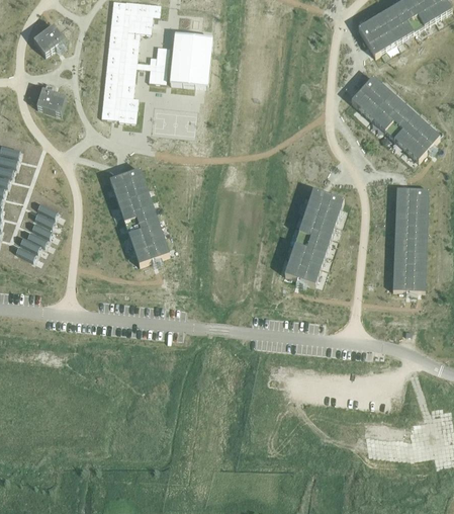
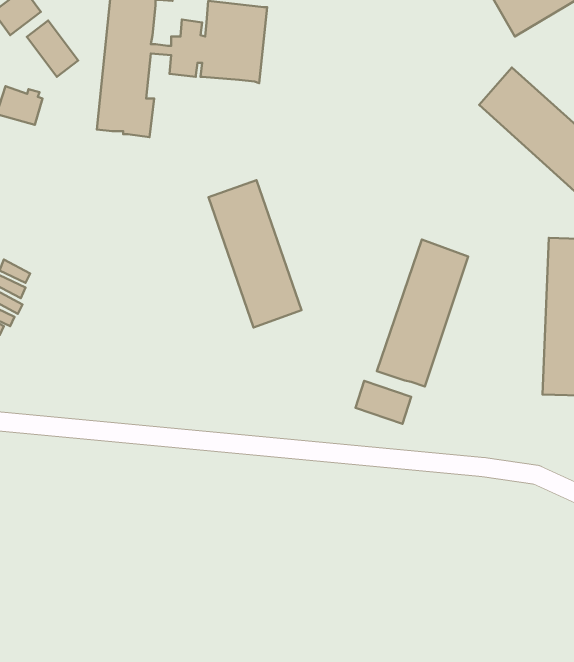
building: none -> [27,21,78,77]
building: [109,167,170,263] -> [208,180,301,327]
building: none -> [355,381,411,424]

